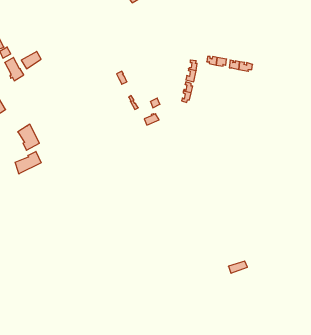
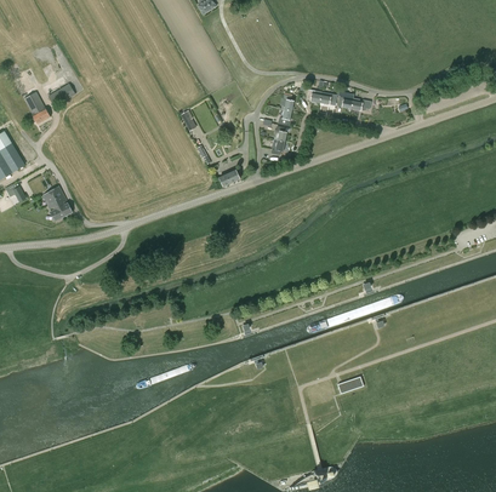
building: [15,151,41,174] -> none

